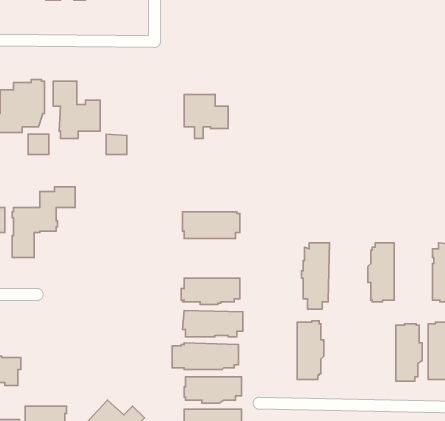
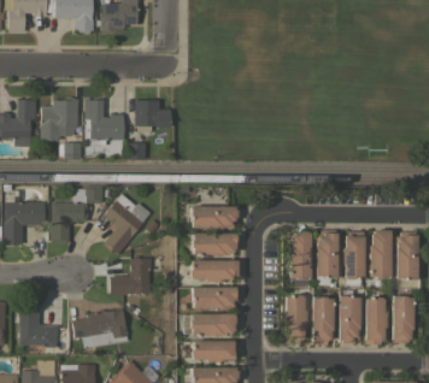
building: [184,95,228,139] -> [134,100,170,136]
building: none -> [104,194,151,254]
building: none -> [316,230,337,283]
building: none -> [369,230,390,278]
building: none -> [190,234,240,255]
building: none -> [108,258,164,295]
building: none -> [337,290,360,343]
building: none -> [311,297,333,346]
building: none -> [71,308,128,348]

